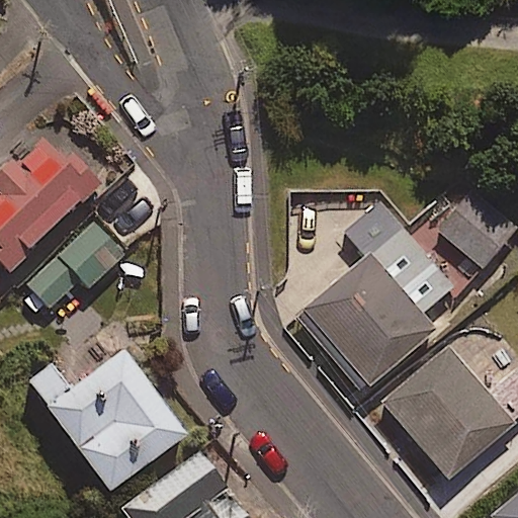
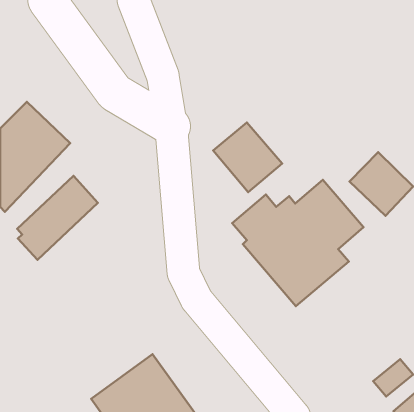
building: none -> [213,122,282,192]
building: [392,347,511,470] -> none
building: [29,349,188,495] -> none

